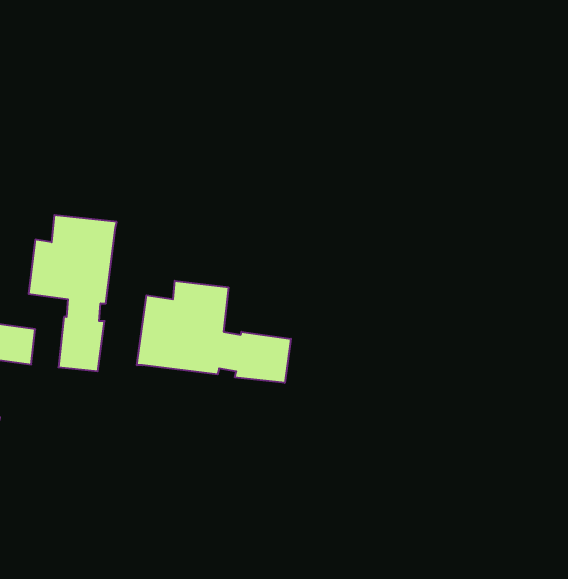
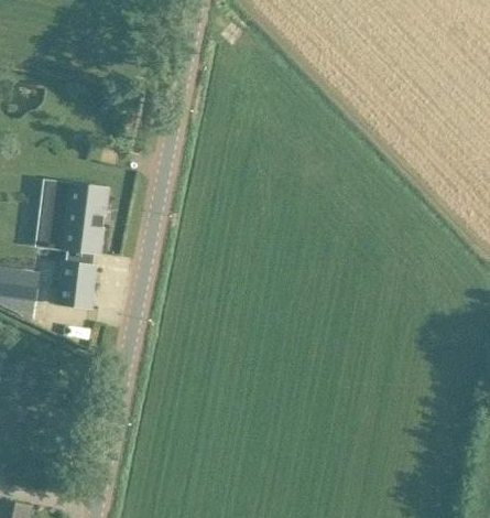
building: [137,281,291,383] -> none

